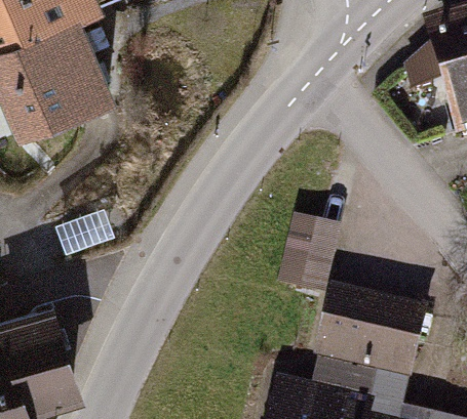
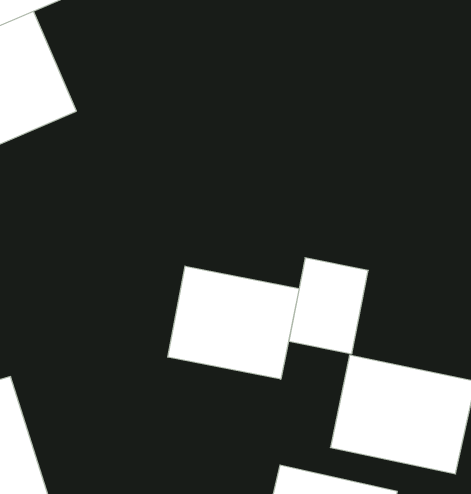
building: none -> [168,266,299,379]

